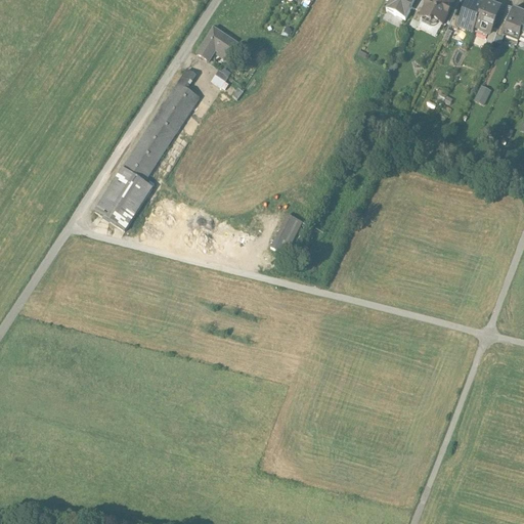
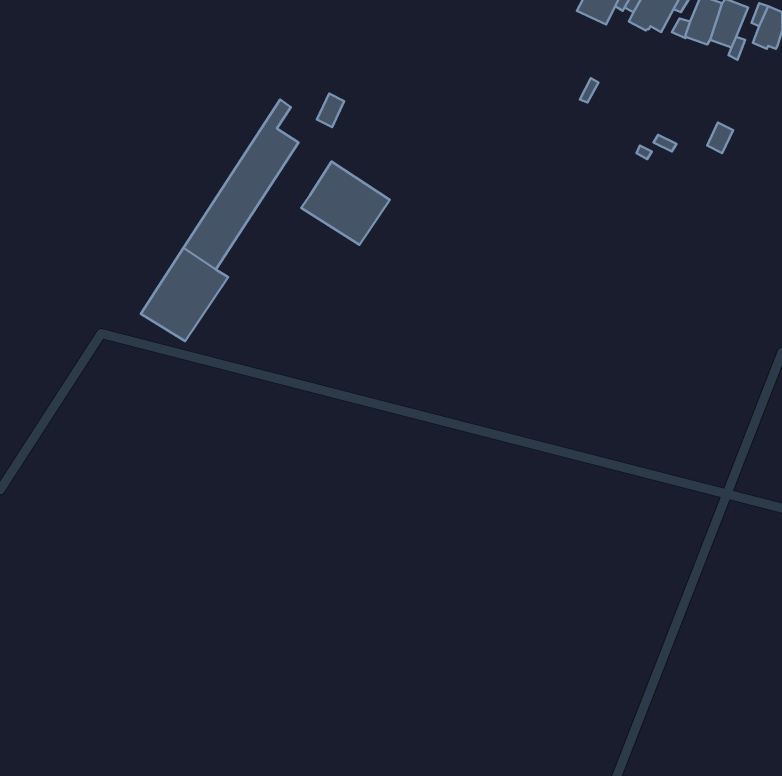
building: [196,27,241,59] -> none
building: none -> [301,161,390,245]
building: [271,212,303,253] -> none

